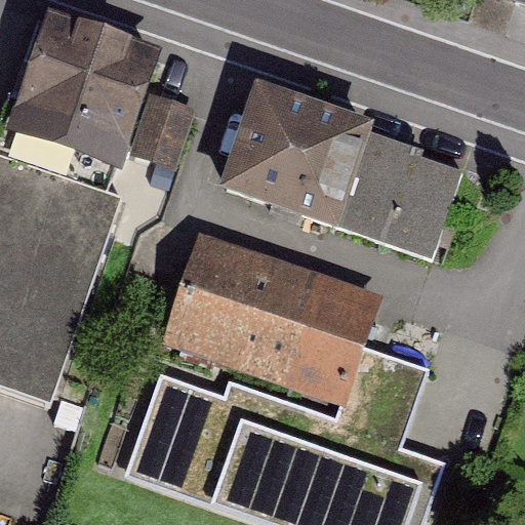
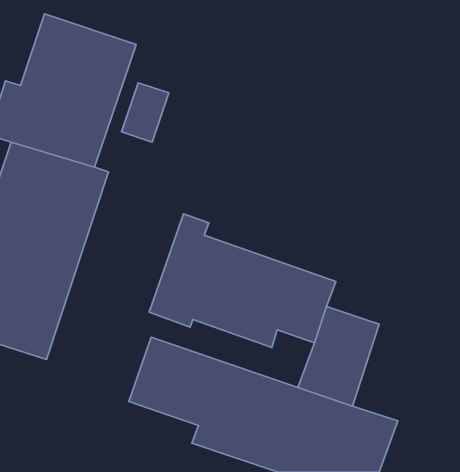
building: [225,94,459,256] -> none

